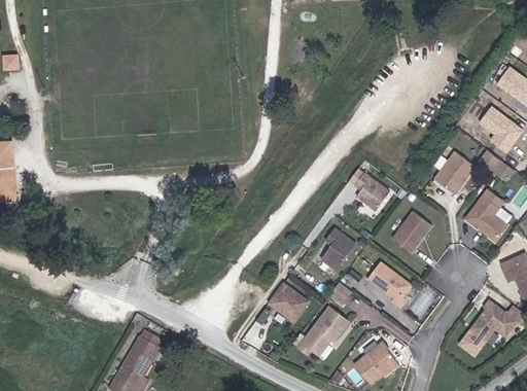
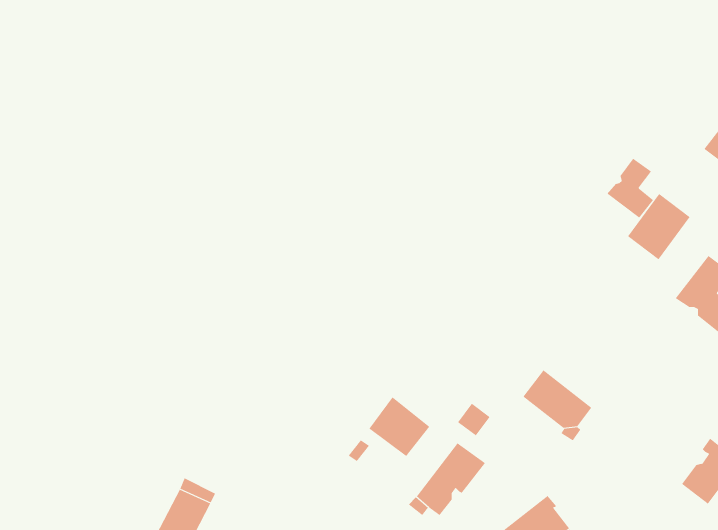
building: none -> [606,158,654,218]
building: [351,168,386,207] -> none
building: [391,212,430,254] -> none
building: [317,225,352,266] -> none

